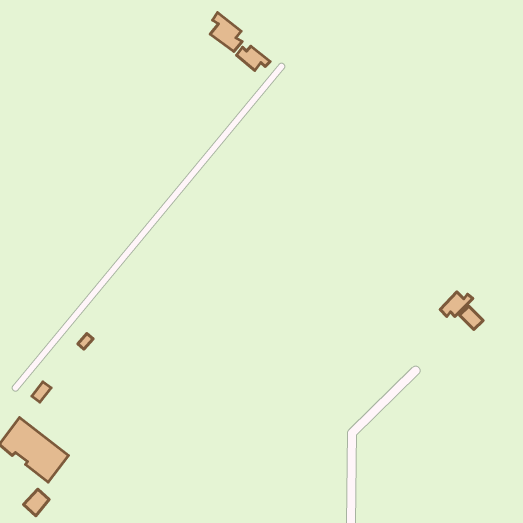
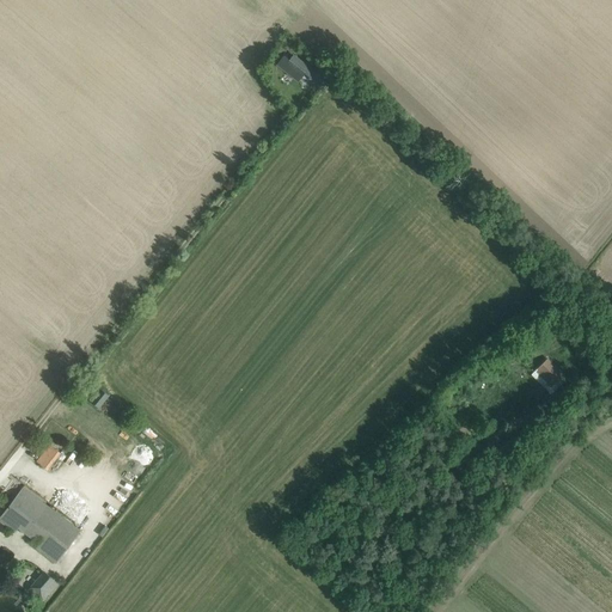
building: [210,12,242,51] -> none
building: [440,292,473,317] -> none

